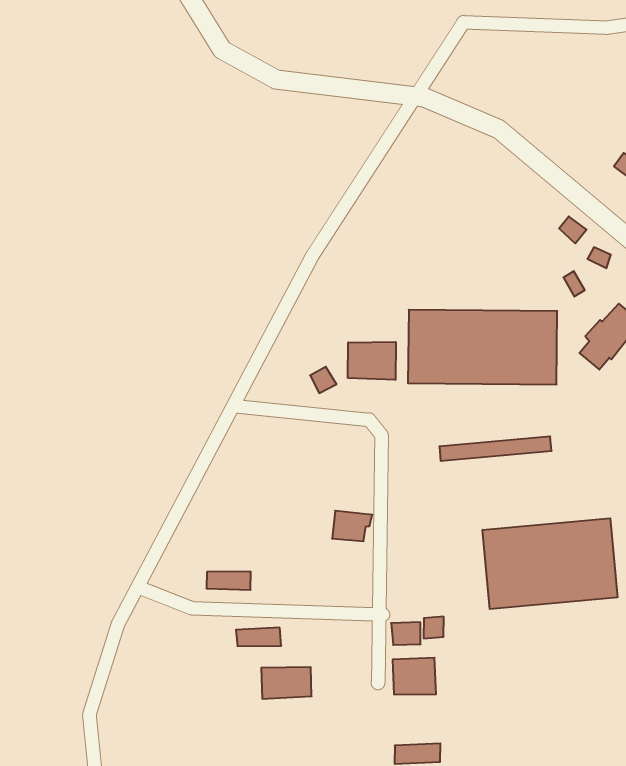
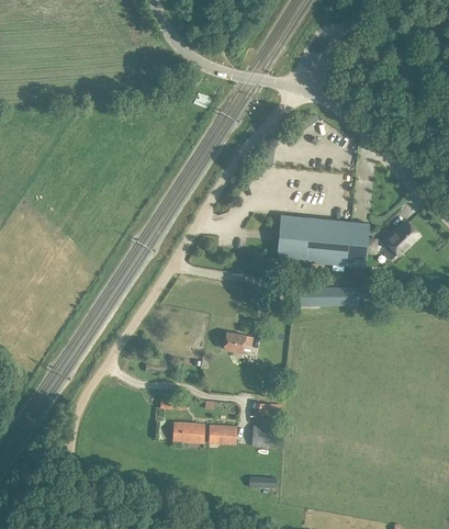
building: [348,342,396,380] -> none
building: [483,518,617,609] -> none
building: none -> [205,423,235,444]

